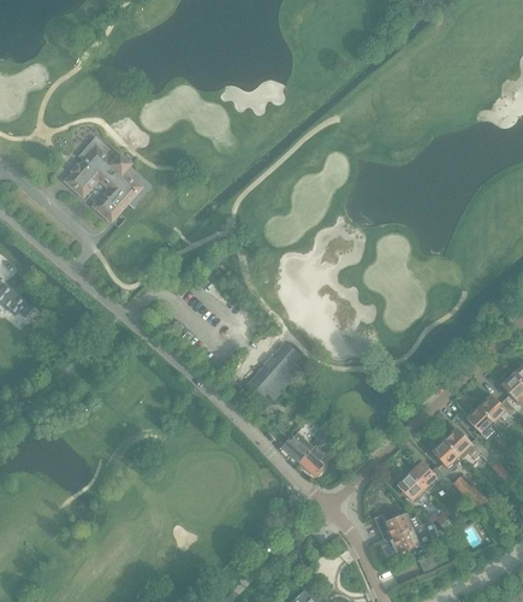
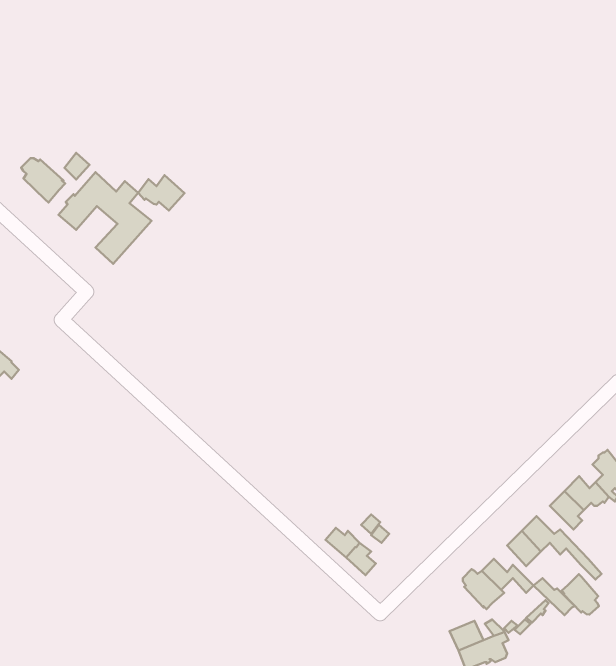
building: none -> [21,158,65,203]
building: none -> [138,175,185,211]
building: [244,341,299,399] -> none
building: none -> [562,574,599,614]

